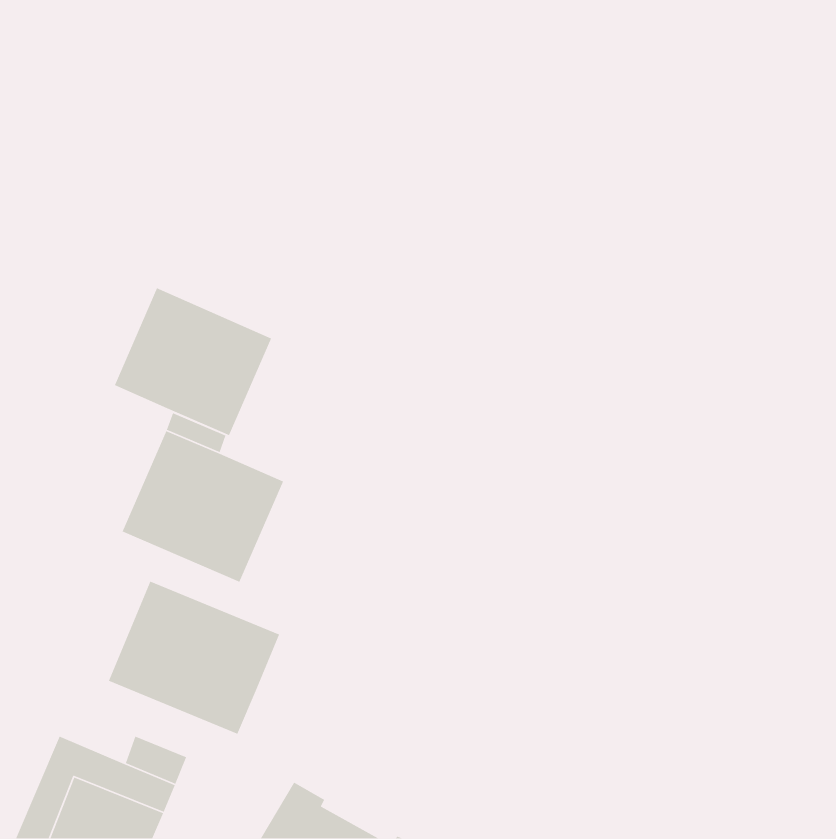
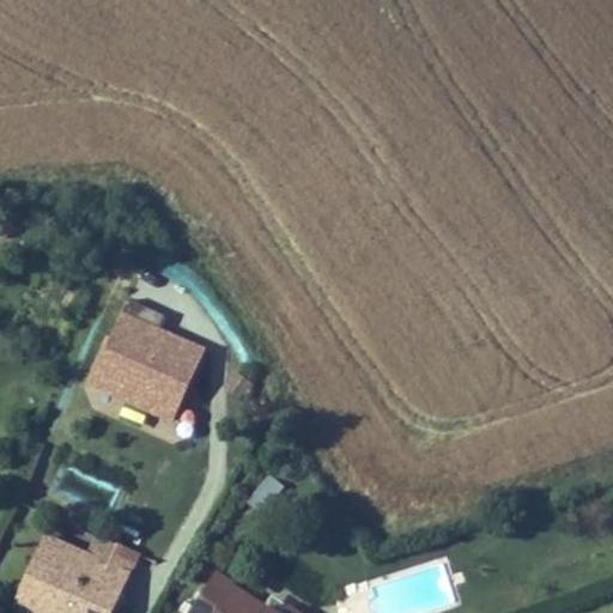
building: [114,287,272,436] -> none
building: [108,580,280,735] -> none

